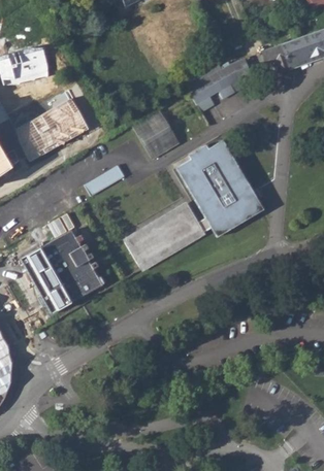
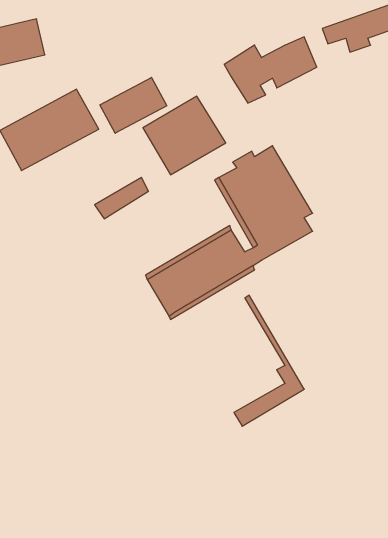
building: none -> [100,77,167,133]
building: [210,139,263,237] -> [234,295,304,426]
building: [23,229,101,311] -> none

